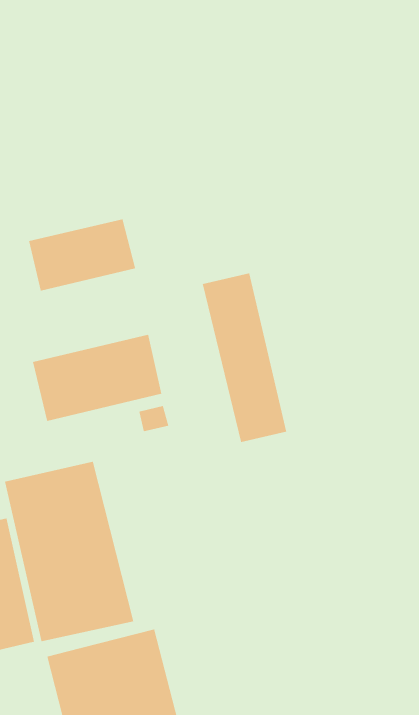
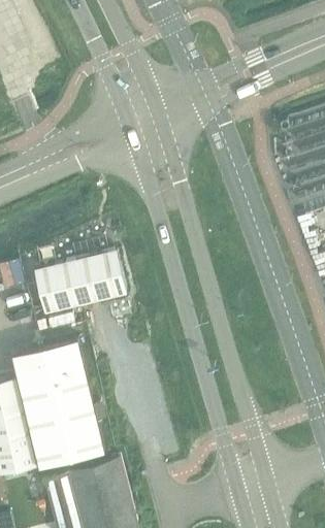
building: [29,218,136,292] -> none
building: [202,272,287,443] -> none

